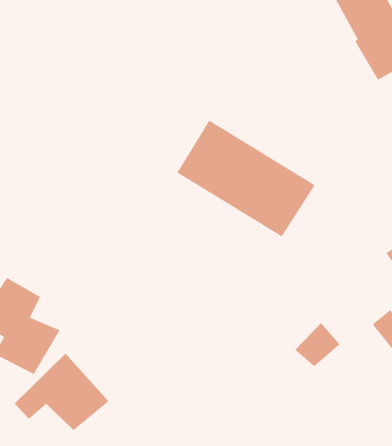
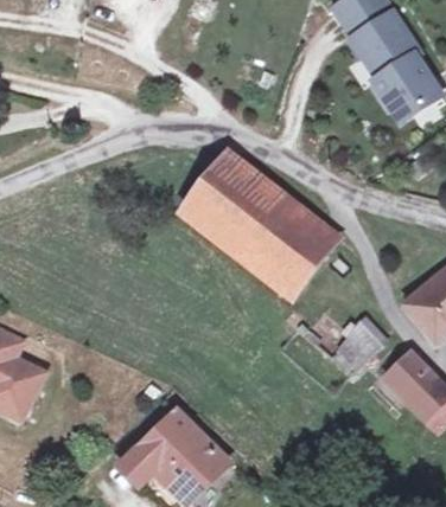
building: [295,322,341,367] -> [337,317,384,364]
building: [14,353,109,431] -> [120,409,218,489]

